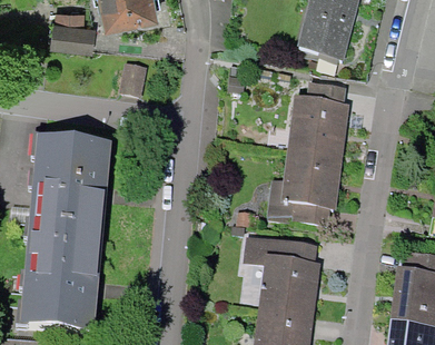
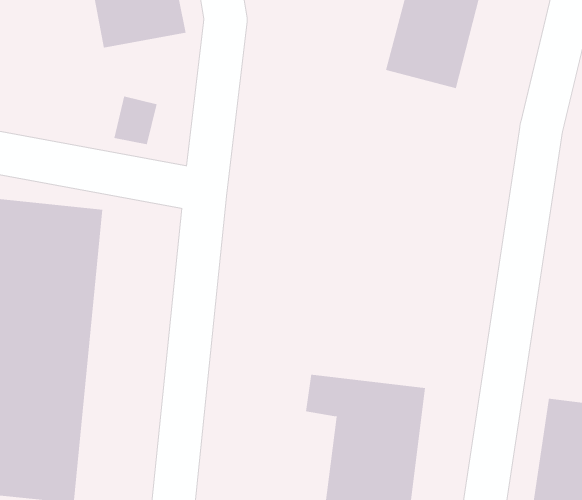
building: [49,13,95,57] -> none
building: [265,82,347,228] -> none

